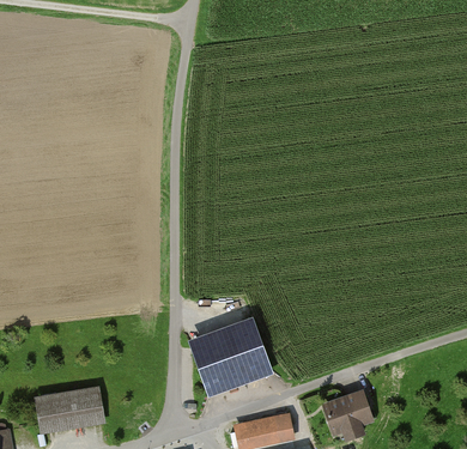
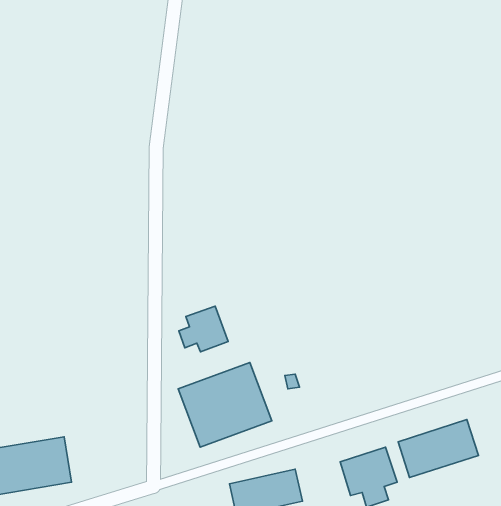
building: none -> [179,306,228,352]
building: none -> [398,420,478,478]

